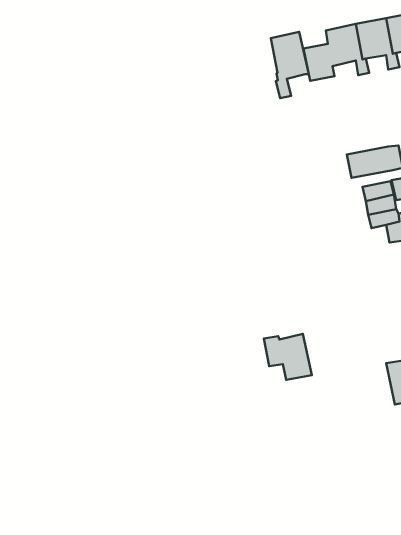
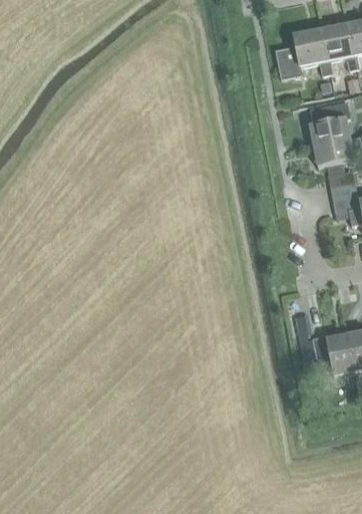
building: [271,32,309,98] -> none
building: none -> [309,100,350,145]
building: [264,334,312,380] -> [313,332,356,373]

